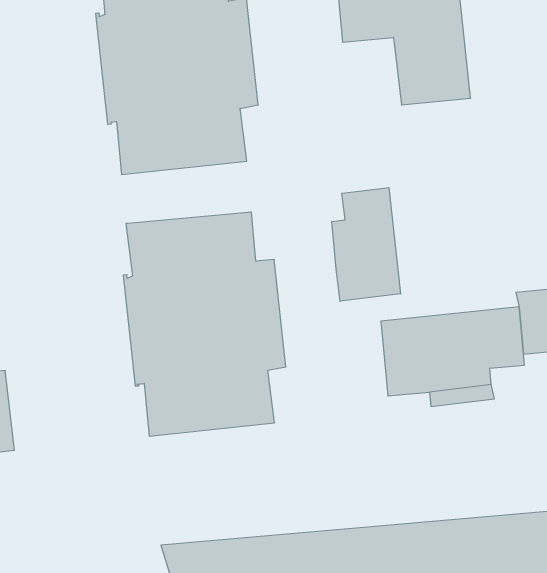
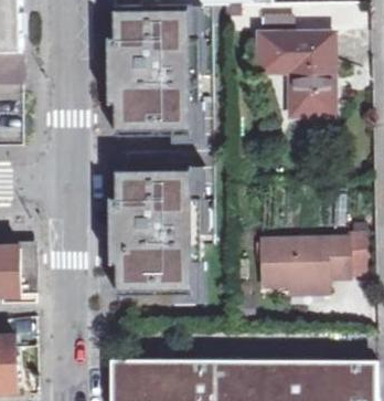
building: [332,188,401,301] -> none

